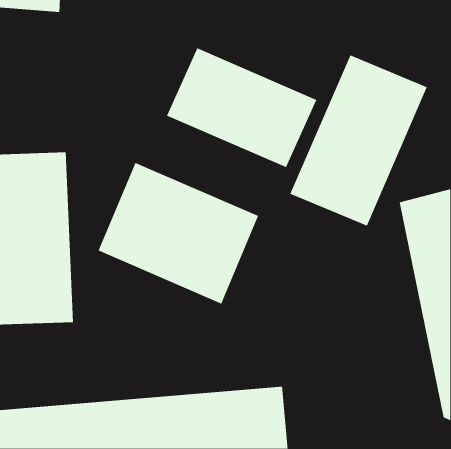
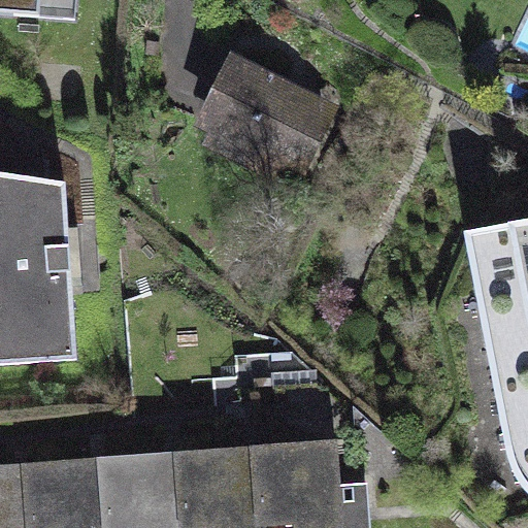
building: [290,54,428,226] -> none
building: [98,162,259,304] -> none

